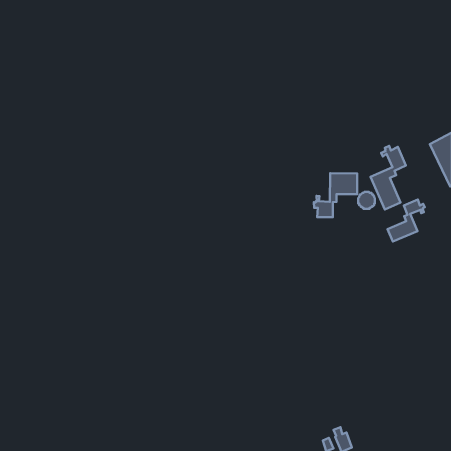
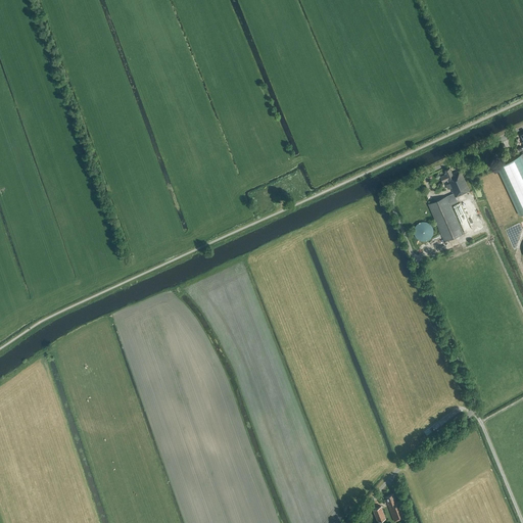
building: [314,173,357,217] -> none
building: [388,200,425,242] -> none

